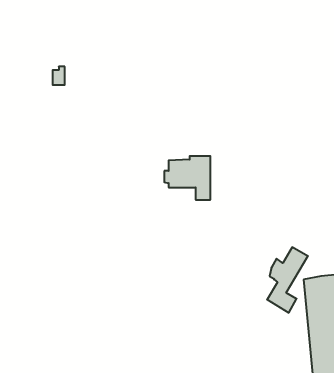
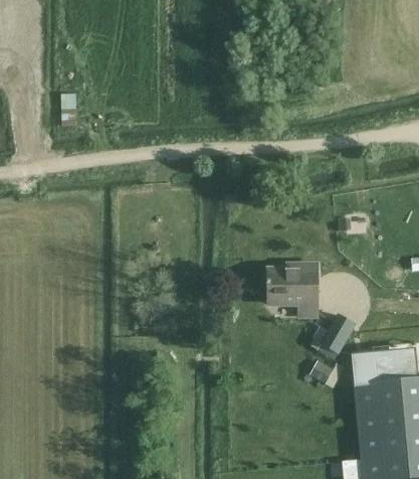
building: [164,156,210,200] -> [263,269,317,319]

